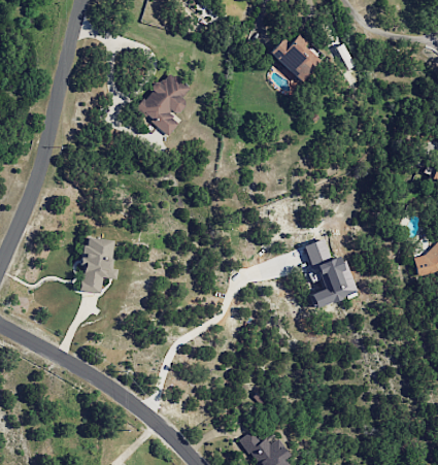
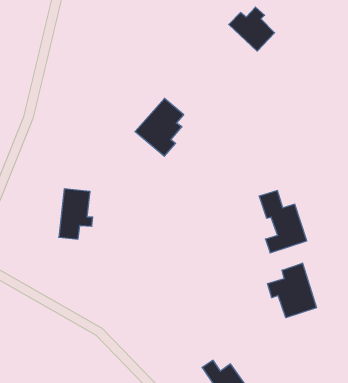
building: [136,70,191,135] -> [135,98,184,156]
building: none -> [268,263,317,318]

